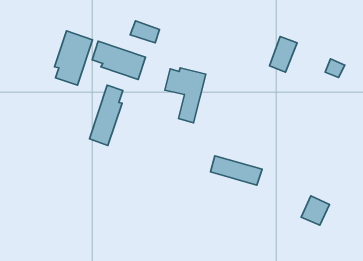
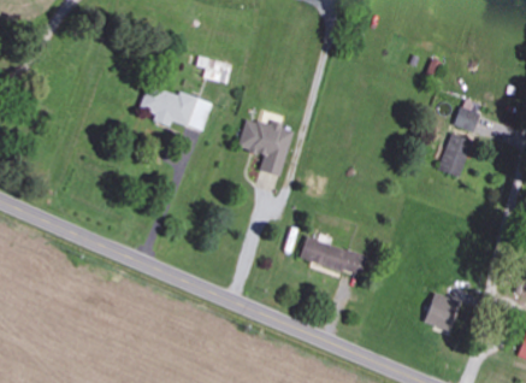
building: [54,31,92,85] -> none
building: [270,37,297,72] -> [436,132,473,181]
building: [89,85,123,145] -> none

